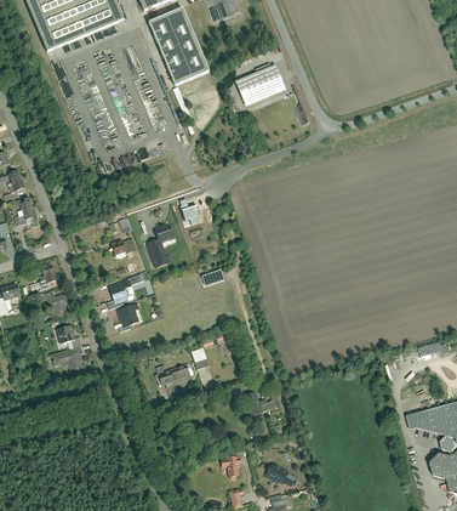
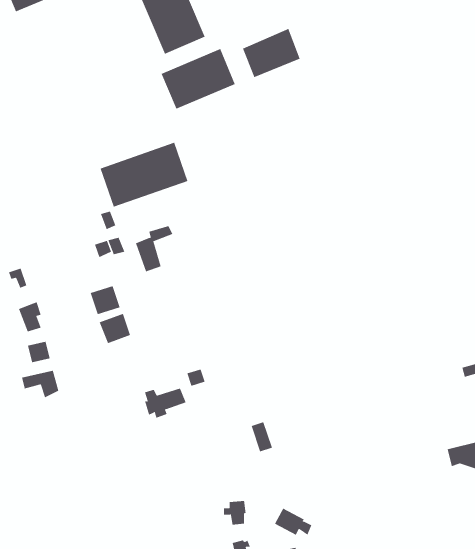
building: none -> [161,48,236,110]
building: none -> [100,142,188,207]

